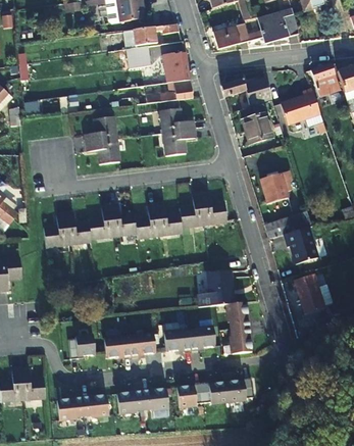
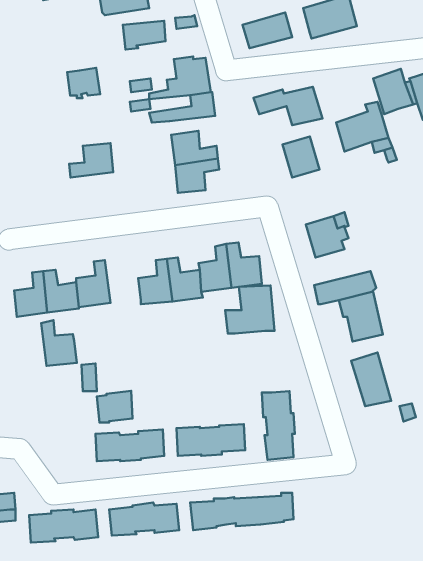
building: [127,46,151,68] -> [67,68,100,98]
building: [86,140,120,164] -> none
building: [111,203,138,237] -> [41,320,77,366]
building: [198,269,235,305] -> [225,285,275,334]
building: [68,330,95,353] -> [97,391,133,423]

